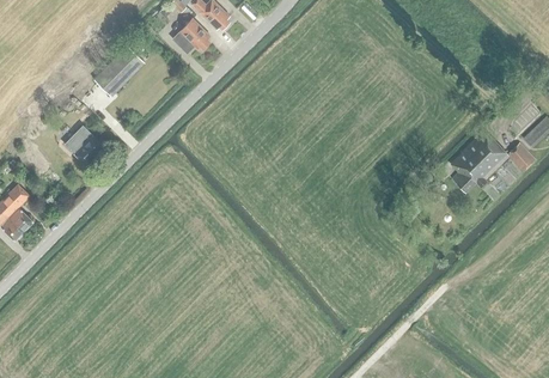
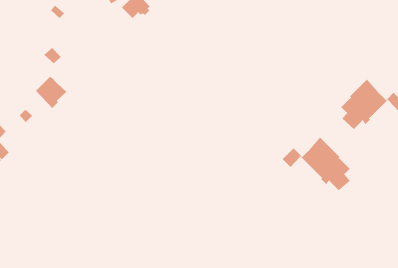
building: [93,44,145,96] -> none
building: none -> [282,136,351,191]

